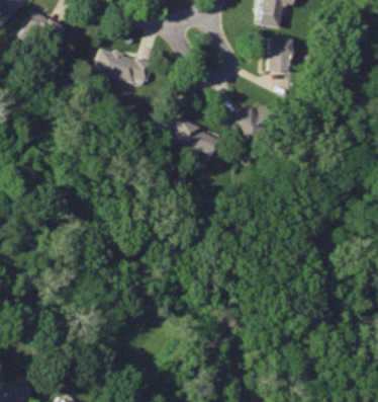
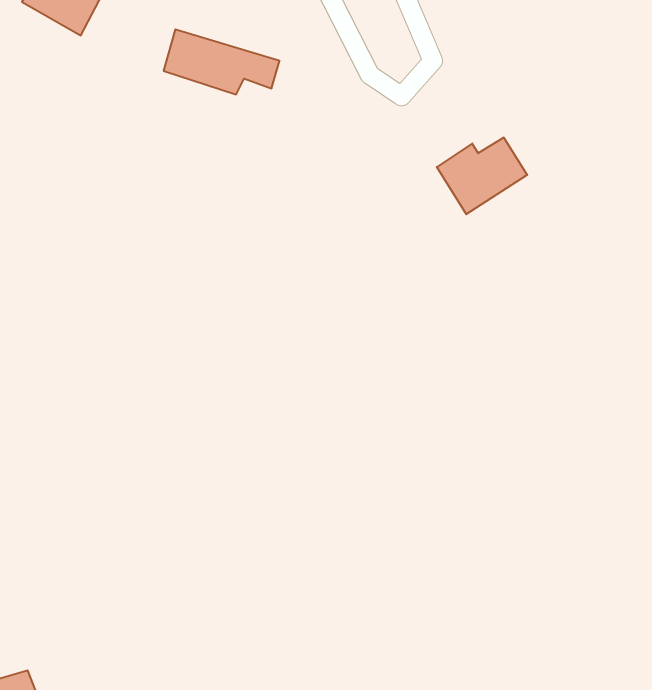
building: [270,37,295,71] -> none
building: [173,115,218,155] -> none

